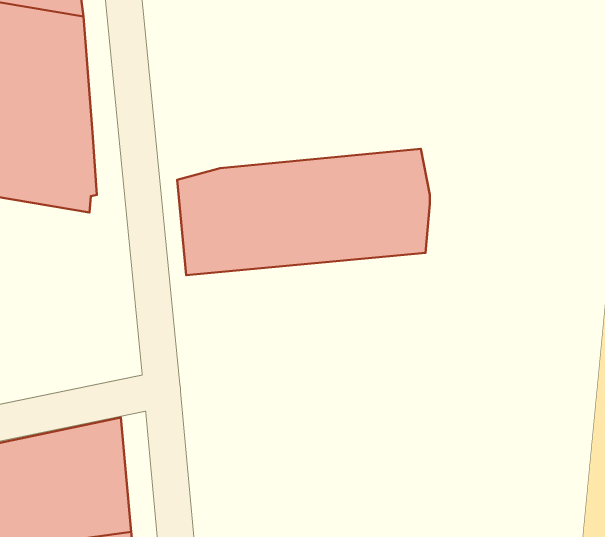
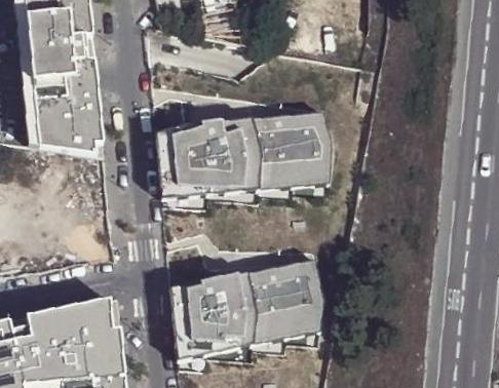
building: none -> [170,257,322,360]

